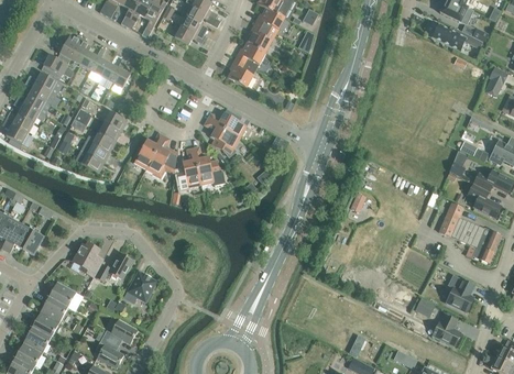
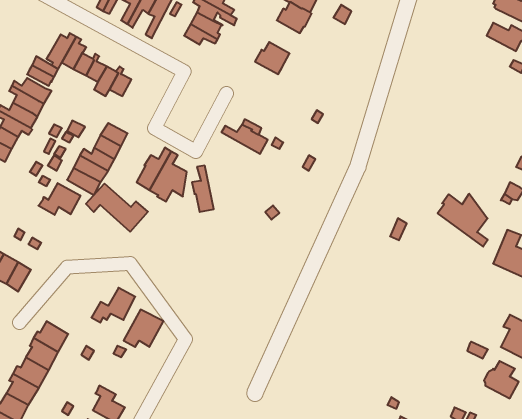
building: [248,23,274,52] -> none
building: [228,58,255,87] -> none
building: [204,119,240,157] -> none
building: [193,146,225,185] -> none
building: none -> [38,183,80,215]
building: none -> [86,184,148,232]
building: none -> [438,194,488,247]
building: [73,242,103,276] -> none
building: [102,319,138,343] -> none

